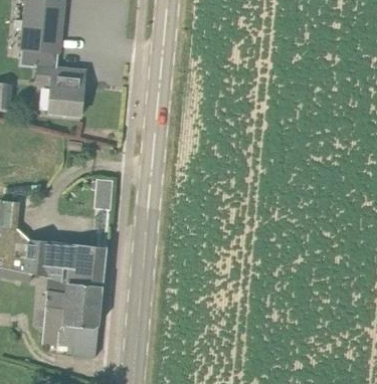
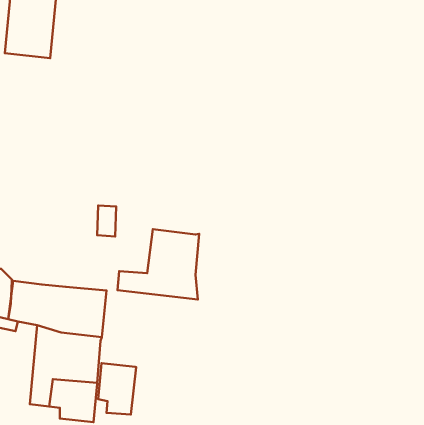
building: [36,60,85,117] -> none
building: none -> [118,229,199,300]
building: none -> [98,363,136,414]

